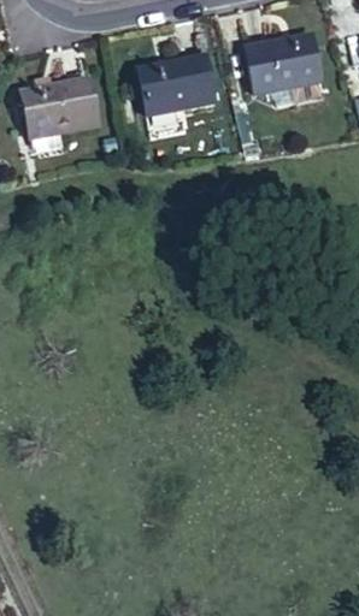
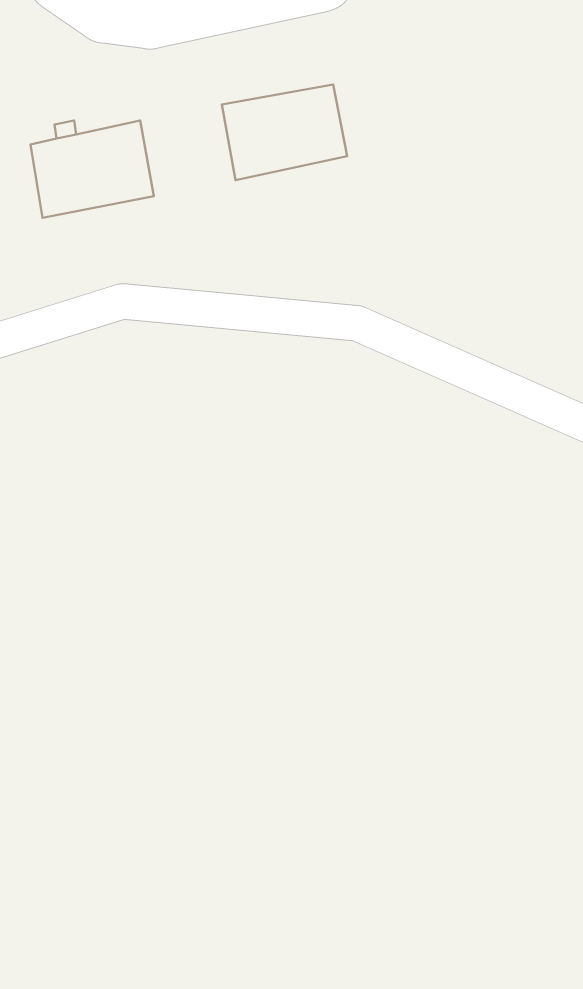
building: [247,35,320,93] -> none

